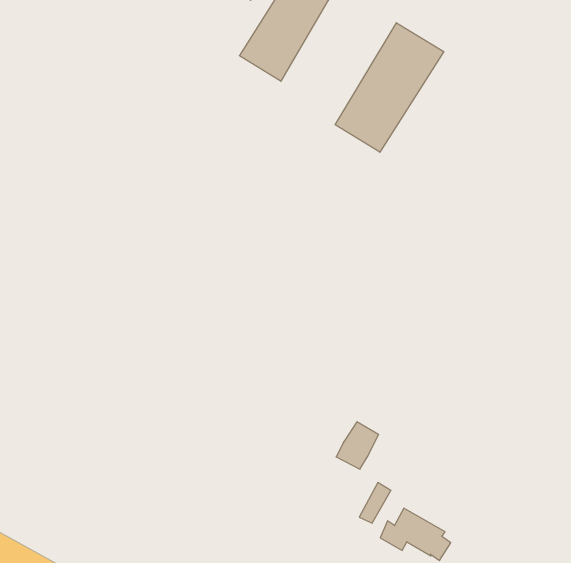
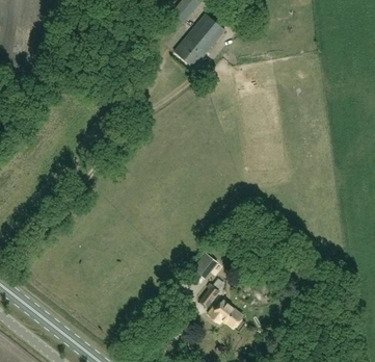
building: [335,23,444,152] -> none

